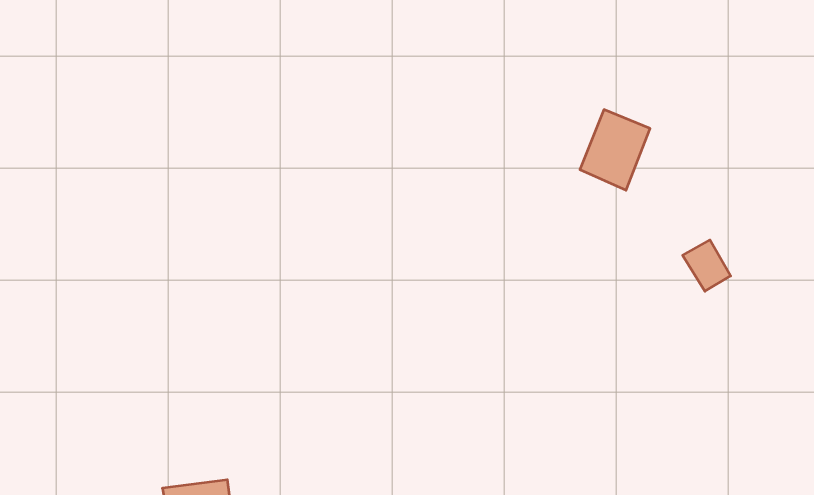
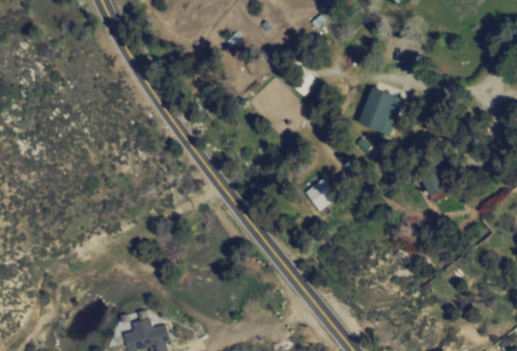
building: none -> [304,178,338,211]

